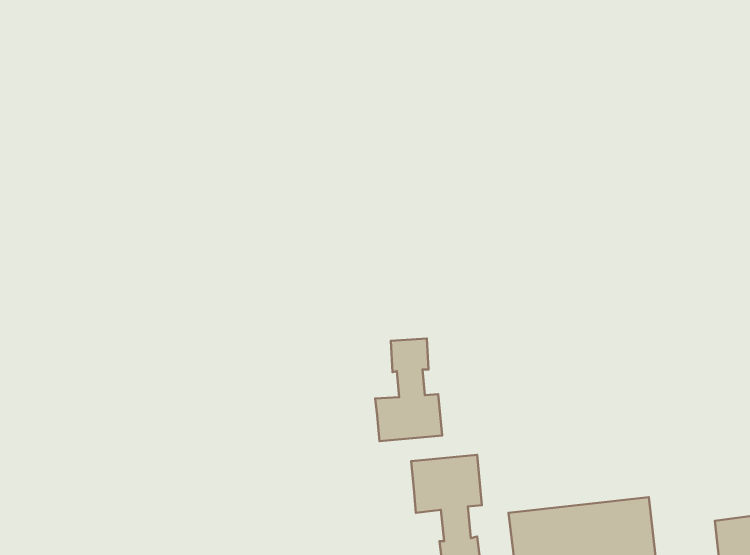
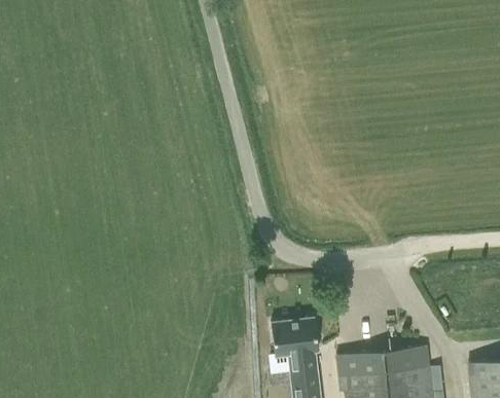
building: [375,338,442,441] -> none

